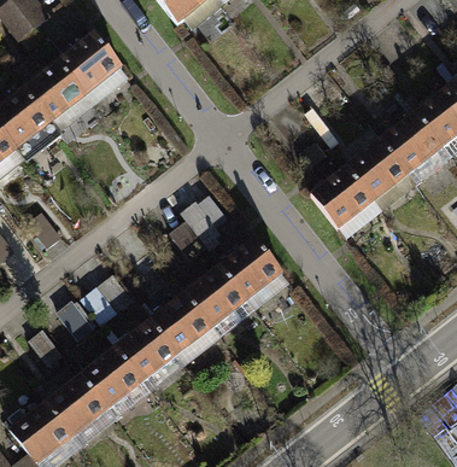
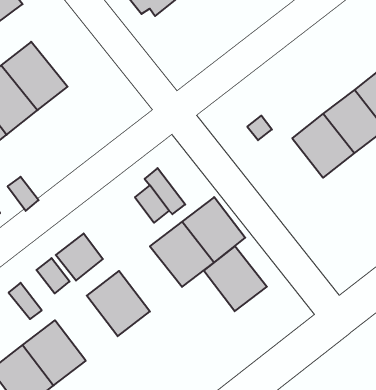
building: [49,24,124,103] -> none
building: [309,160,379,234] -> none
building: [148,282,219,356] -> [204,246,267,311]
building: [76,338,147,411] -> none

